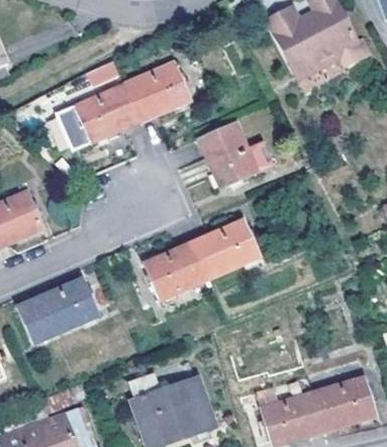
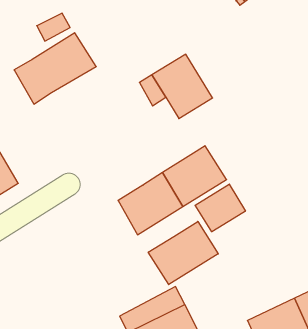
building: [124,62,191,121] -> none
building: none -> [195,184,245,232]
building: [17,277,99,345] -> none
building: none -> [148,221,218,285]

